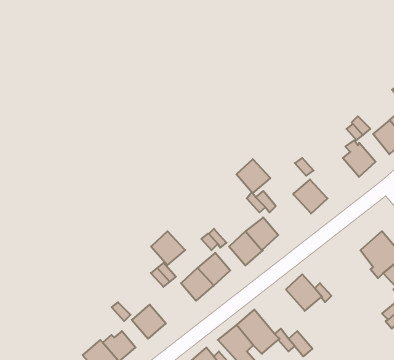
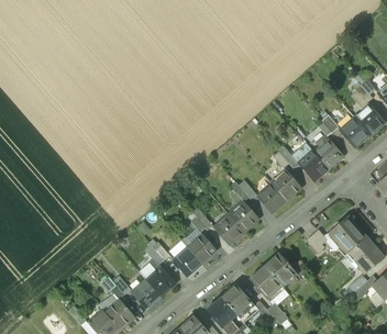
building: none -> [298,151,329,180]
building: [236,159,270,193] -> [257,183,287,213]
building: [151,231,185,265] -> [146,266,176,296]
building: none -> [250,266,285,301]

